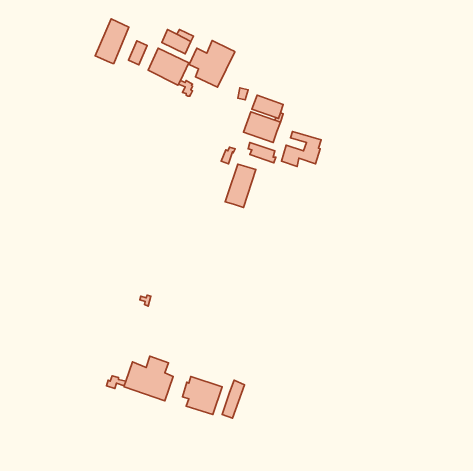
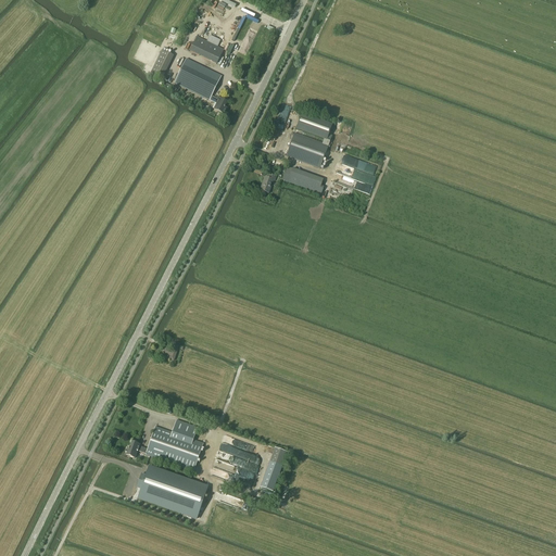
building: [95,19,129,63] -> none
building: [189,41,235,87] -> none
building: [225,164,256,207] -> none
building: none -> [137,464,208,518]

